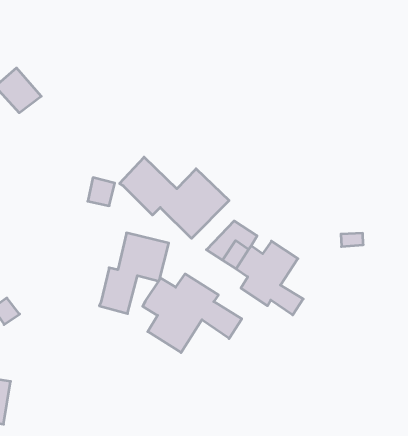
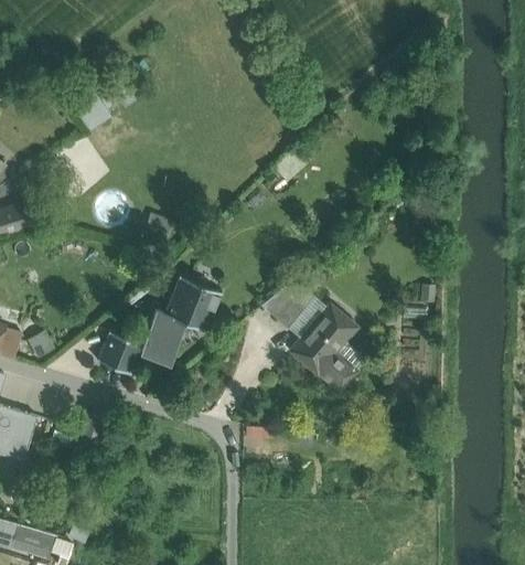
building: [120,157,229,238] -> none
building: [143,274,242,353] -> none
building: none -> [97,333,142,375]

